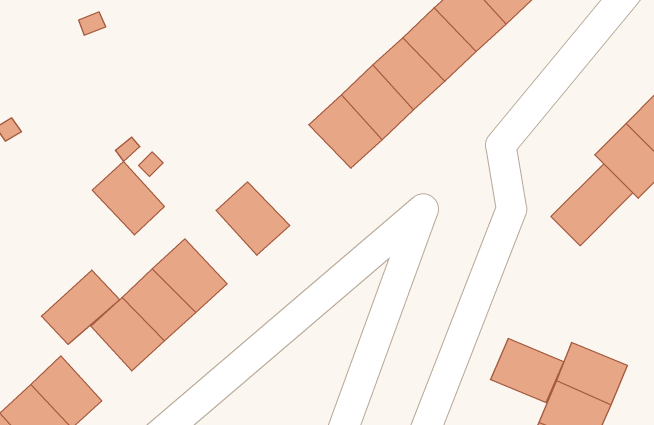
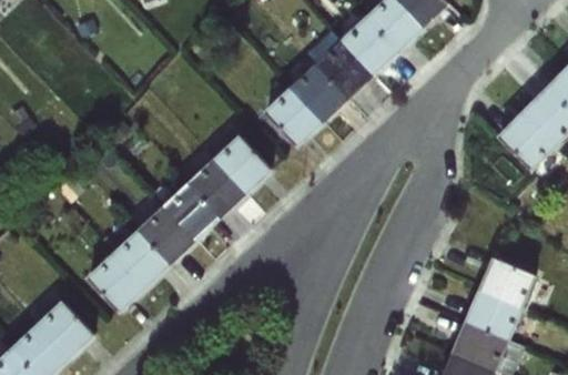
building: none -> [213,135,272,194]
building: [92,161,164,235] -> [162,182,221,242]
building: [551,164,633,246] -> none
building: [41,270,120,344] -> none
building: [490,339,564,402] -> [477,256,537,308]

